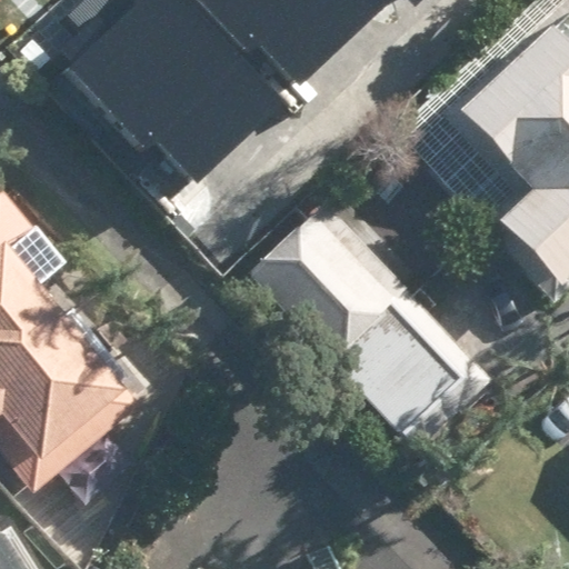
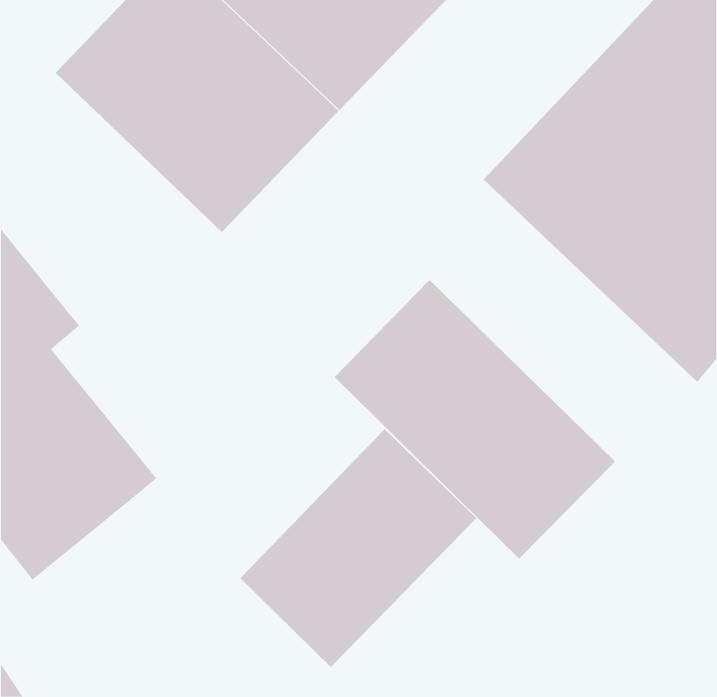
building: none -> [240,428,477,668]

